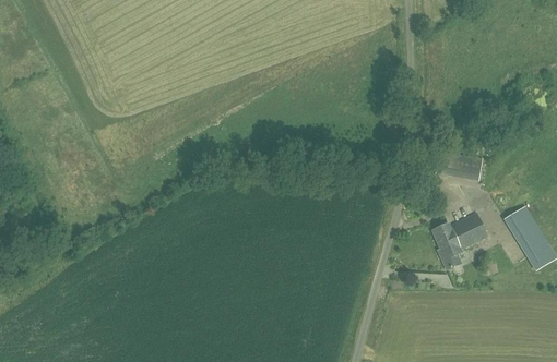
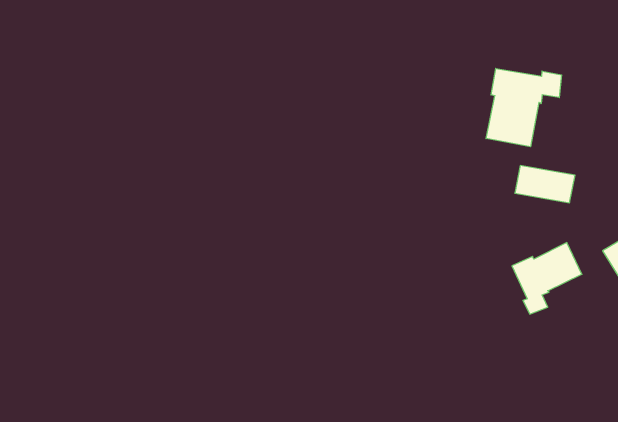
building: none -> [486,68,561,147]

